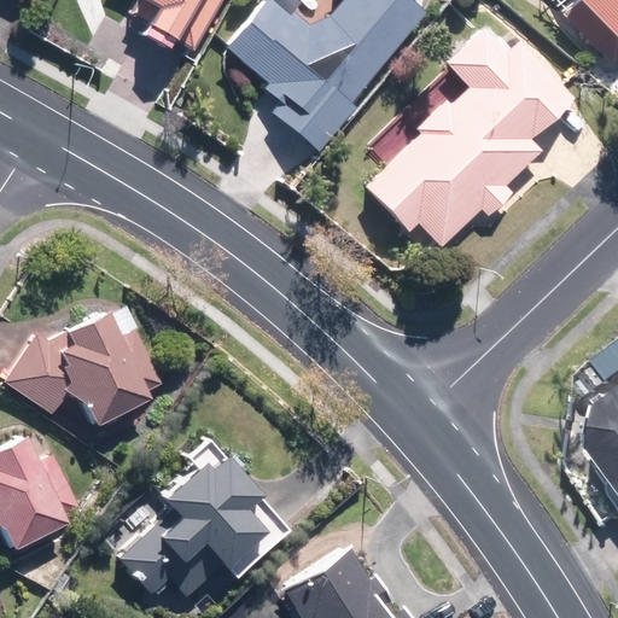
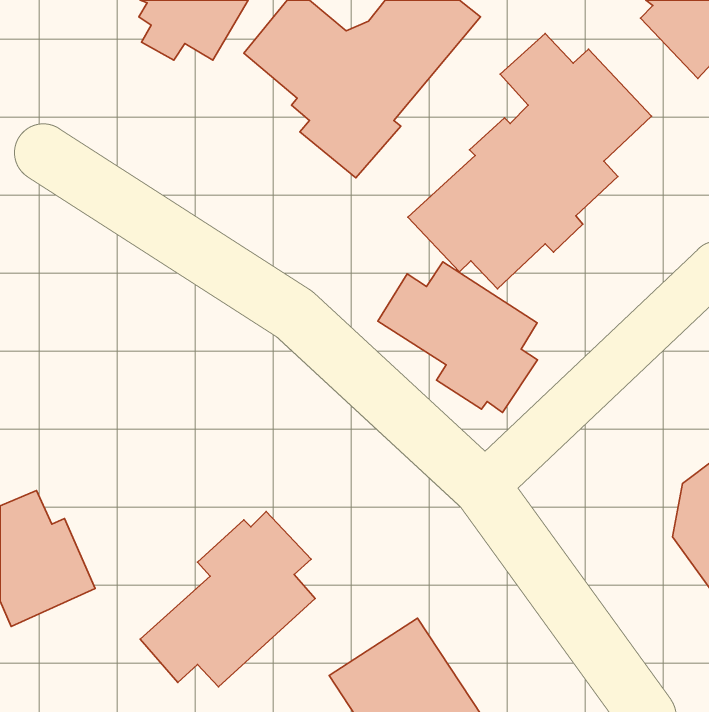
building: none -> [378,262,537,412]
building: [12,302,171,416] -> none

